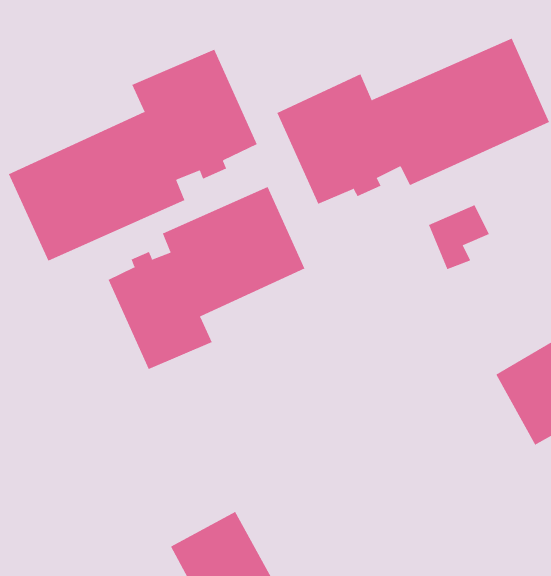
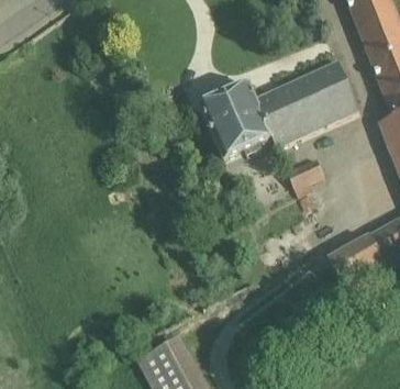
building: [8,49,257,261] -> none
building: [108,186,305,370] -> none

